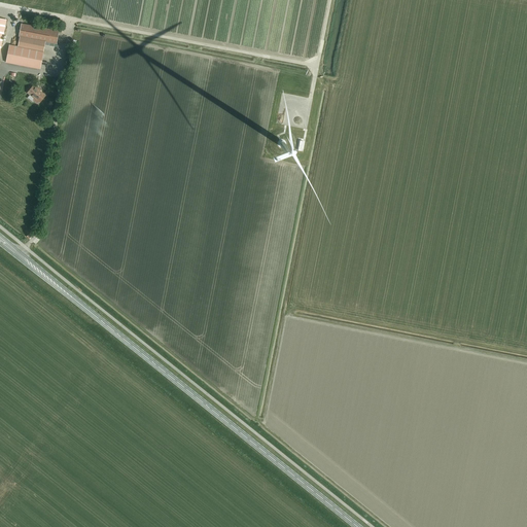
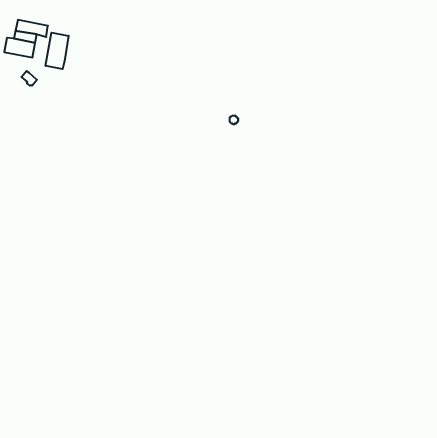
building: none -> [46,33,69,69]

